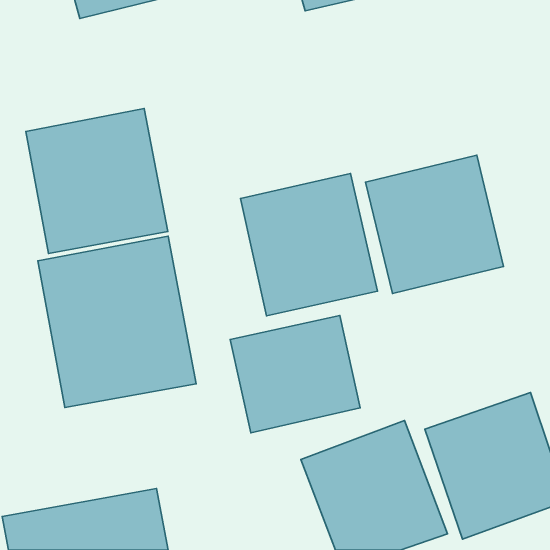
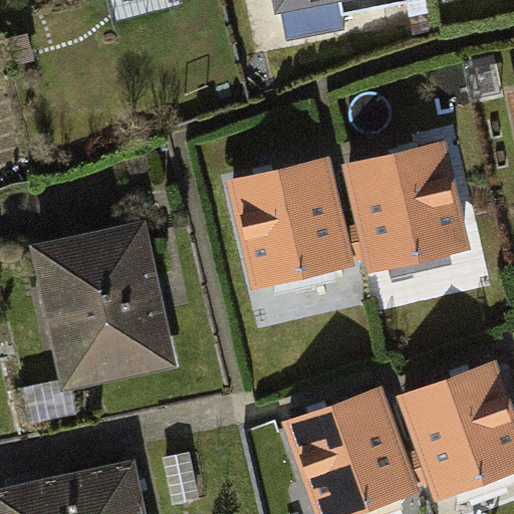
building: [26,109,168,253] -> none
building: [230,316,360,433] -> none

